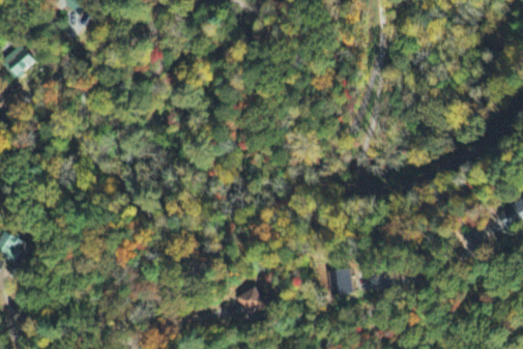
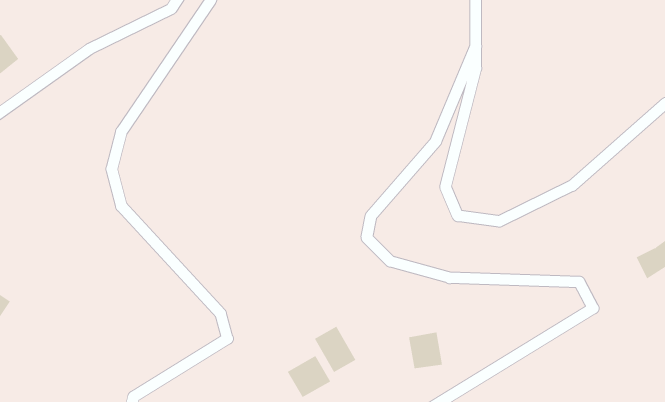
building: none -> [314,326,356,373]

